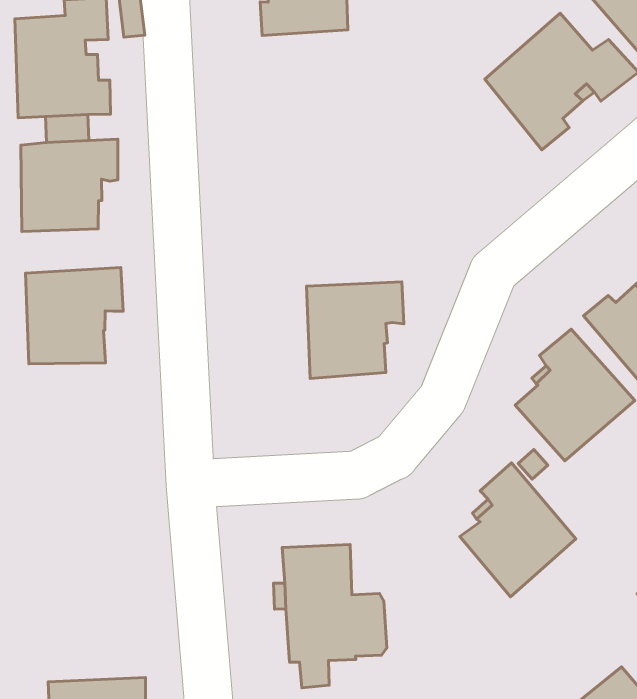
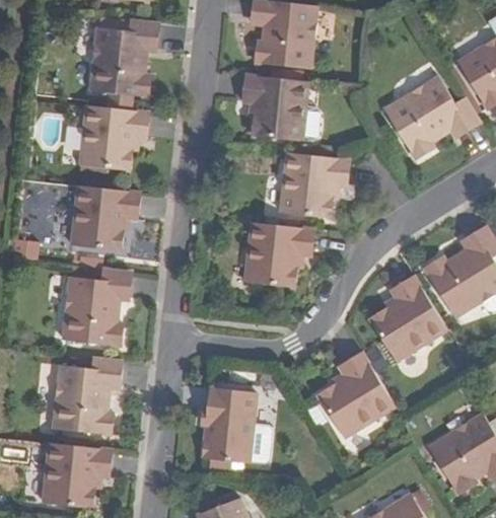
building: none -> [239,75,314,137]
building: none -> [279,153,348,216]
building: none -> [62,270,131,347]
building: none -> [57,359,123,435]

